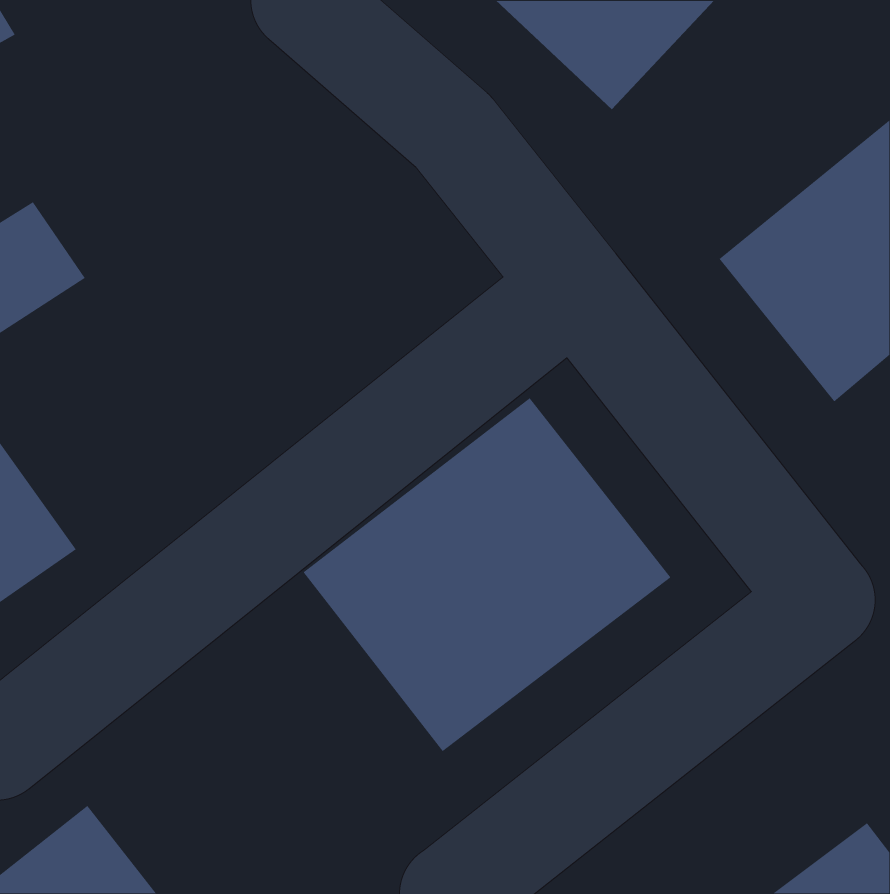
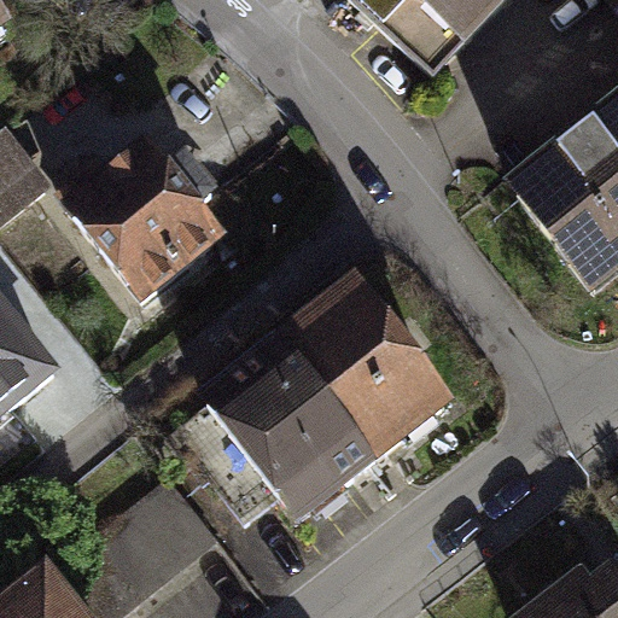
building: none -> [74,146,225,301]
building: none -> [112,488,221,593]

